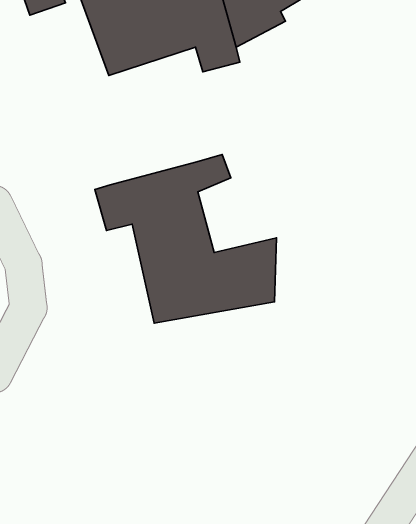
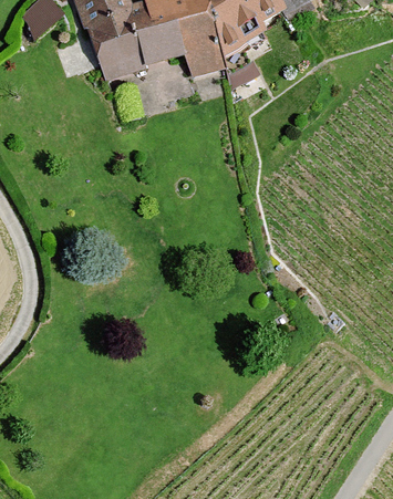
building: [95,154,277,323] -> none

